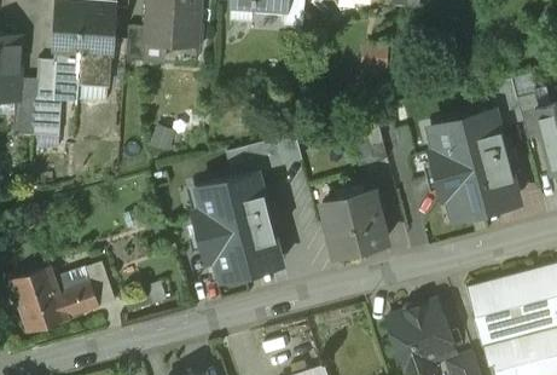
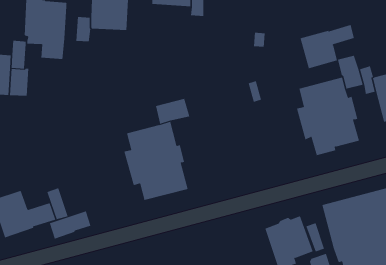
building: none -> [300,24,355,69]
building: [323,191,385,255] -> none
building: none -> [49,211,91,239]

